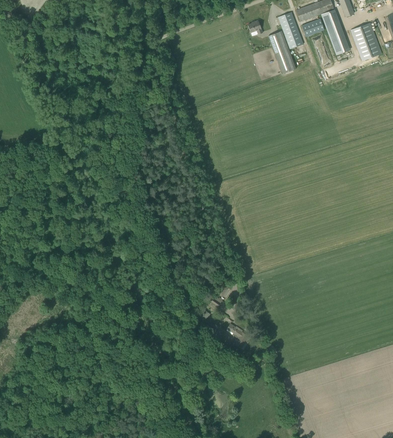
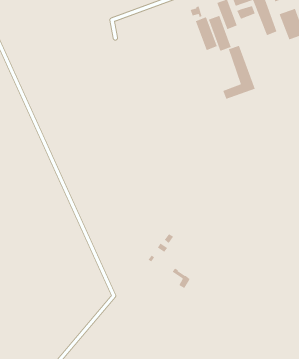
building: none -> [195,16,218,51]
building: none -> [222,45,256,100]

